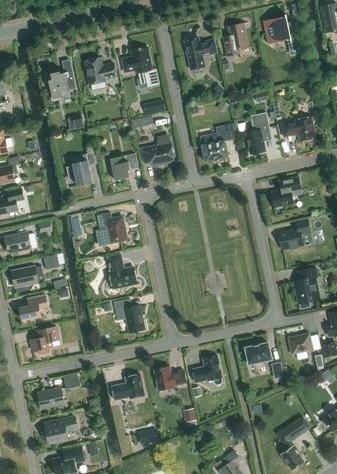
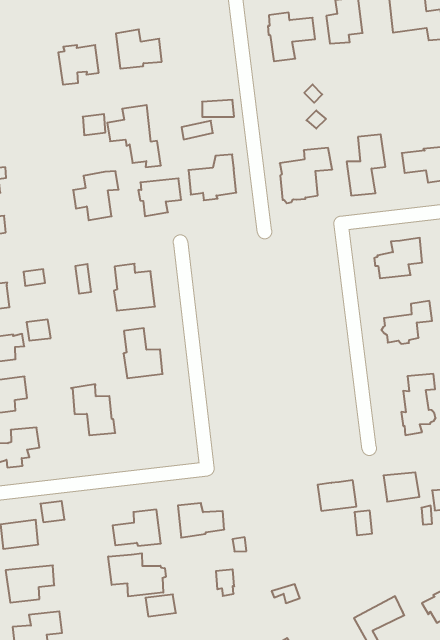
building: [122,45,160,86] -> [107,105,161,167]
building: [114,298,146,332] -> [71,384,115,435]
building: [193,355,222,384] -> none
building: none -> [108,553,166,596]

